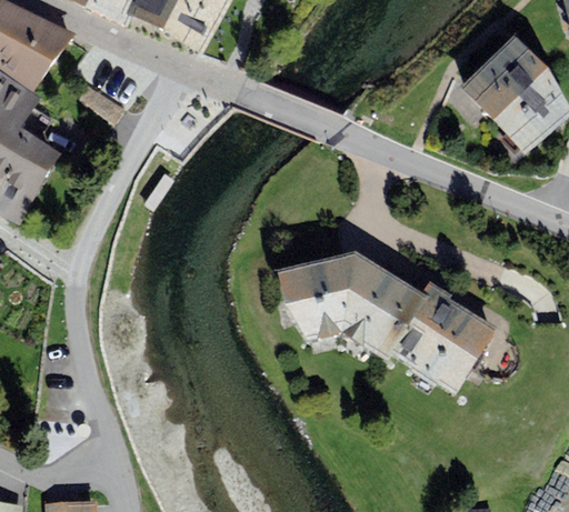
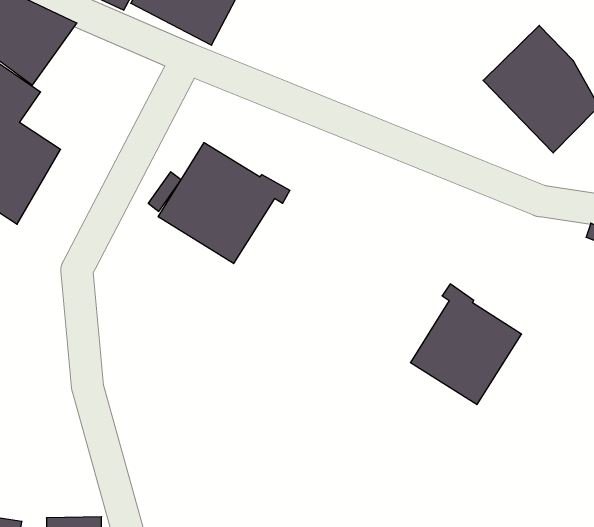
building: none -> [158,143,290,264]
building: [274,250,427,360] -> none

